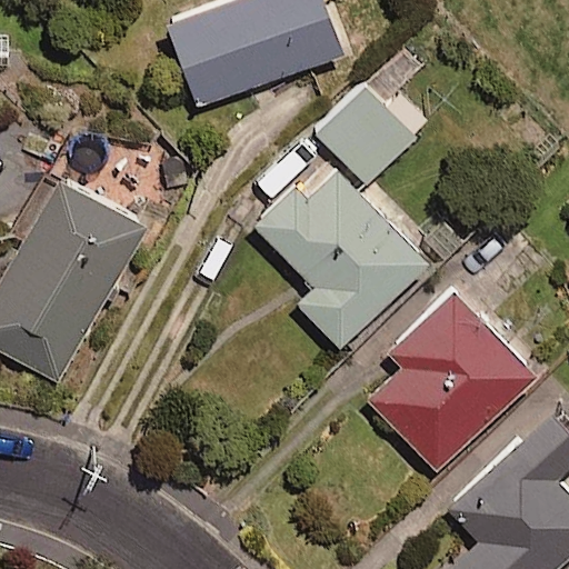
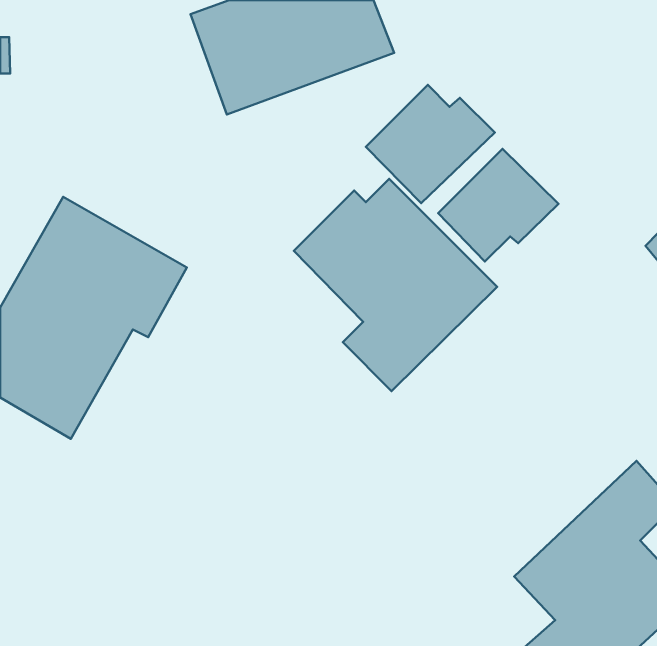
building: none -> [438,149,558,261]
building: [367,291,533,470] -> none

